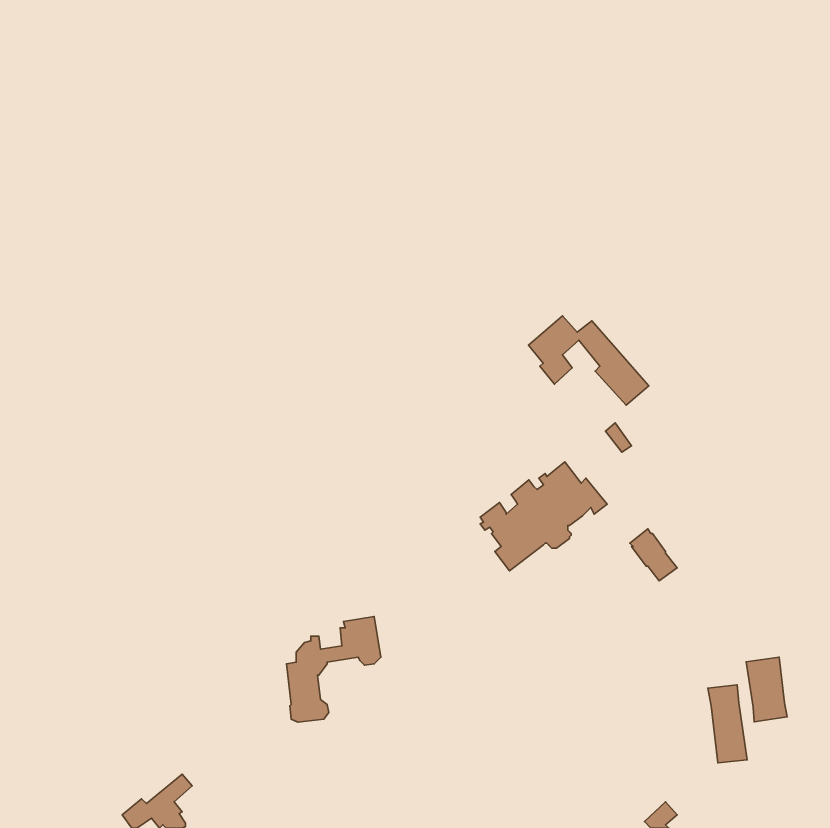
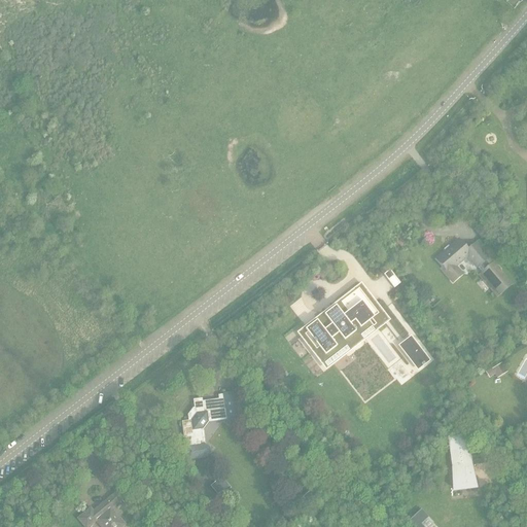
building: [528,316,649,405] -> [436,239,513,295]
building: [746,657,787,722] -> none

